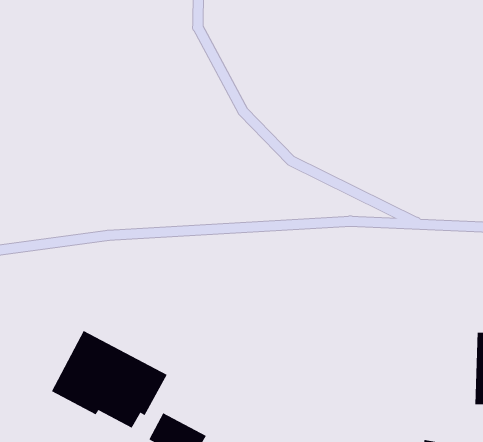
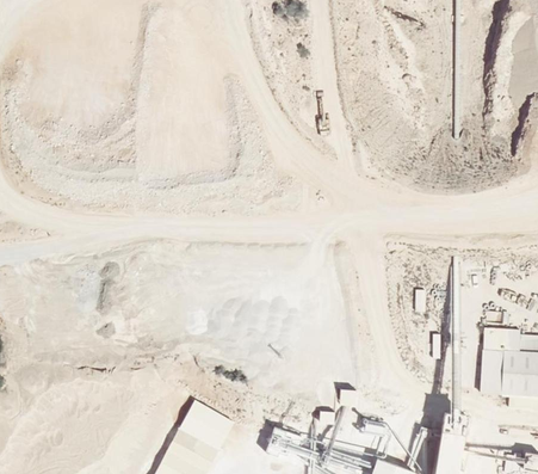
building: [51,330,167,428] -> none

